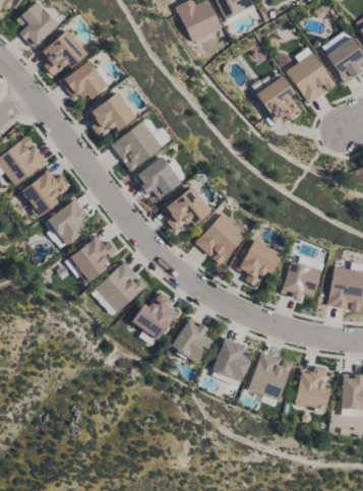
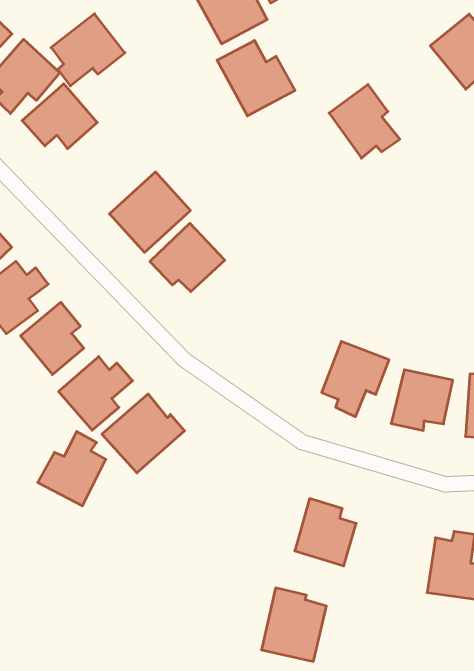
building: none -> [217,40,295,116]
building: [287,53,335,104] -> none
building: [88,93,135,137] -> [51,14,125,86]
building: [164,187,210,233] -> none
building: [195,212,246,265] -> none
building: [131,292,176,340] -> [38,431,106,506]
building: [171,316,214,364] -> none
building: [248,352,292,401] -> [261,588,326,661]

